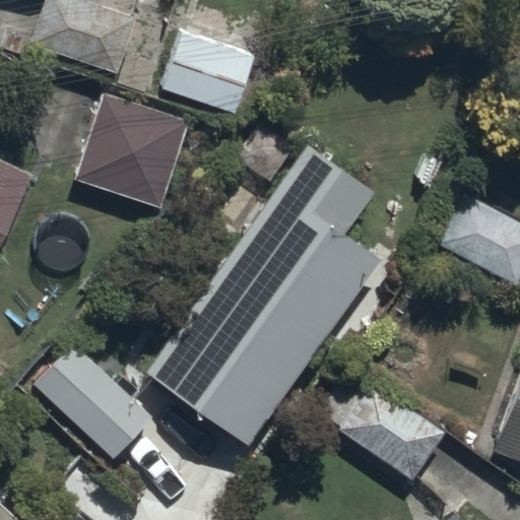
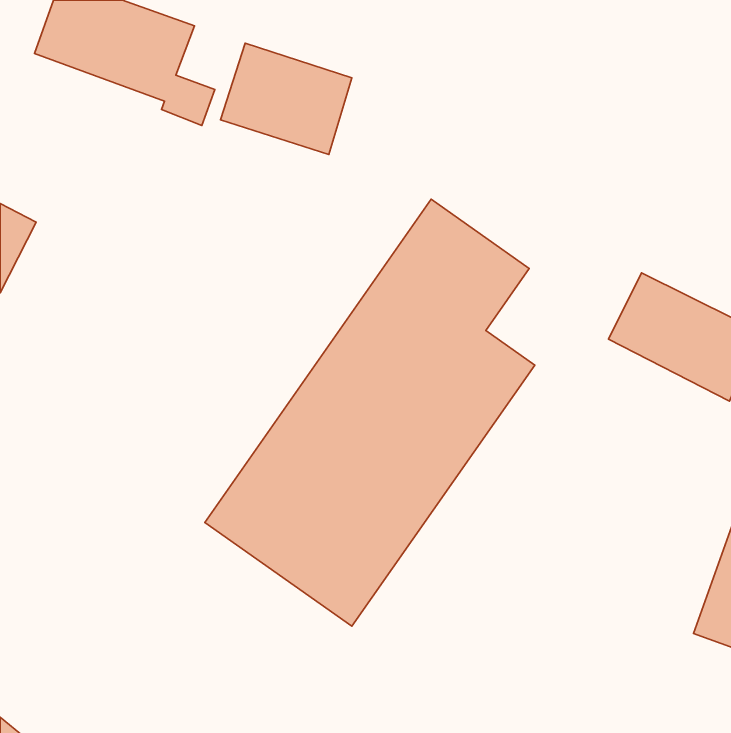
building: [76,95,191,206] -> none
building: [32,344,151,461] -> none
building: [320,377,446,482] -> none

